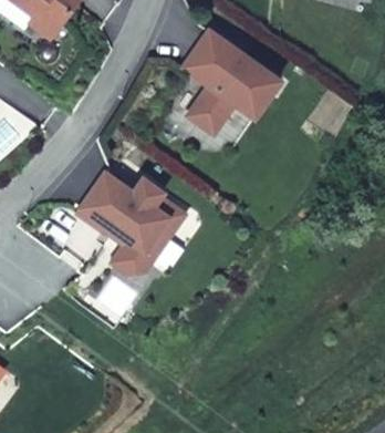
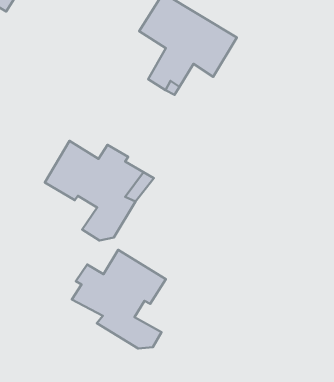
building: none -> [72,250,166,348]

